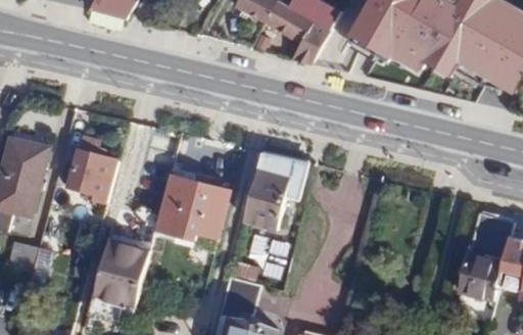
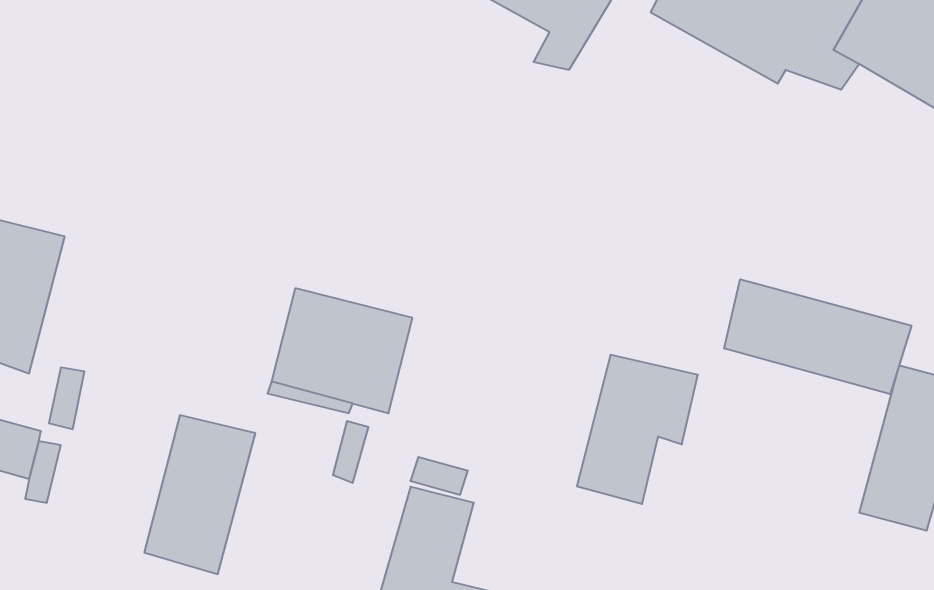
building: [70,137,116,201] -> none
building: [243,153,305,230] -> [577,355,698,504]
building: none -> [724,279,911,394]

